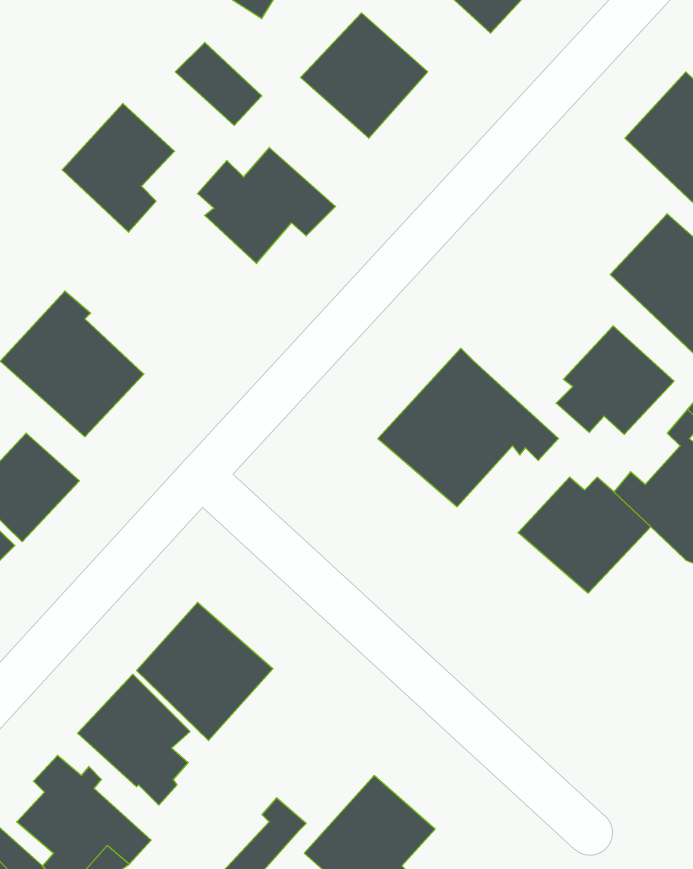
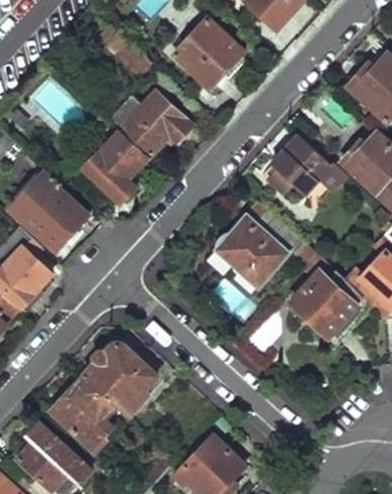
building: [62,103,175,232] -> [84,133,145,204]
building: [556,326,674,434] -> [267,135,332,195]

